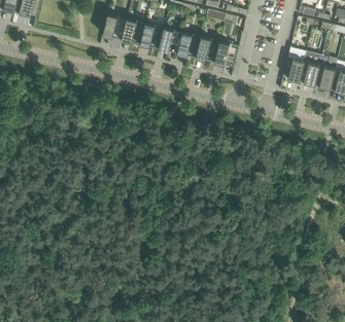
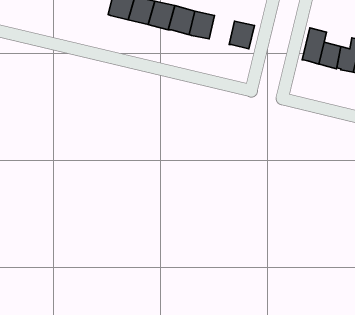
building: [196,36,219,63] -> none

